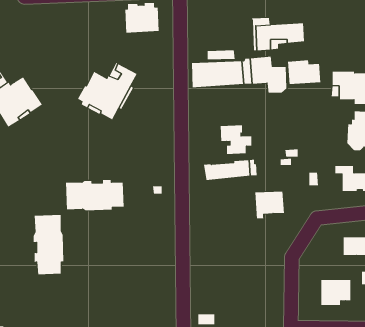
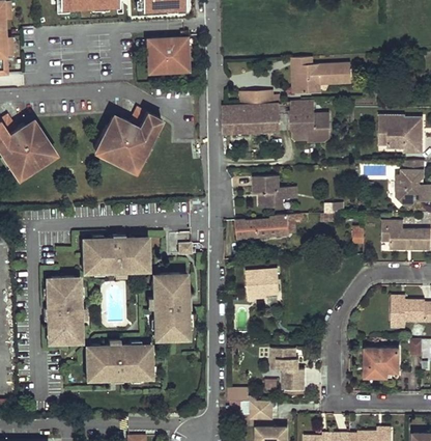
building: [287,60,321,85] -> none
building: [254,191,285,219] -> [248,271,282,302]
building: none -> [152,273,188,340]
building: none -> [85,344,151,380]
building: none -> [274,349,308,390]

